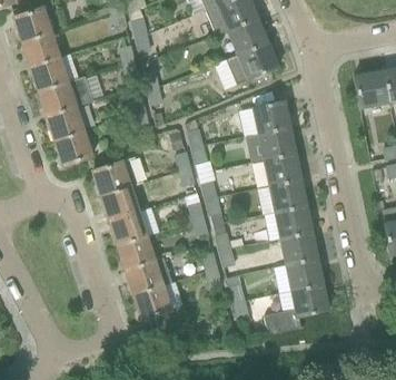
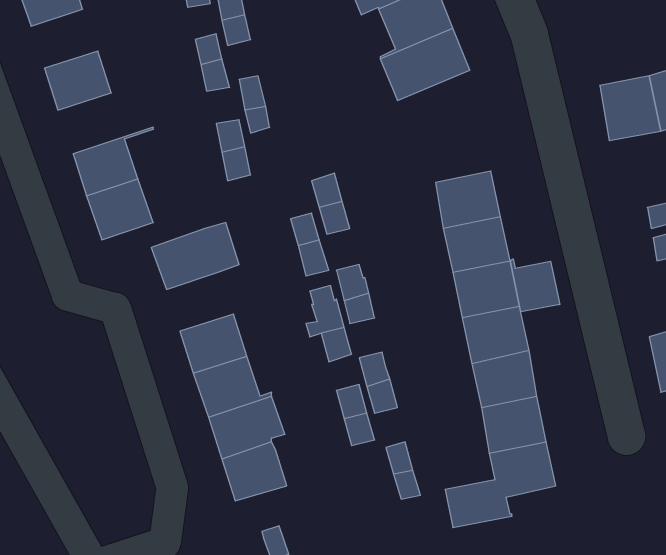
building: [22,32,61,67] -> none
building: [38,77,93,117] -> none
building: [253,100,290,134] -> none
building: none -> [510,259,560,312]
building: [101,186,140,221] -> none

